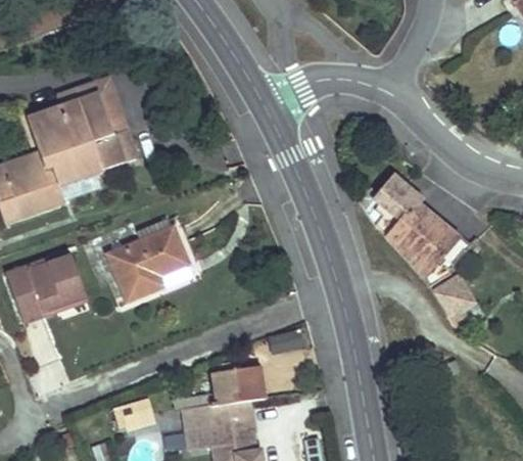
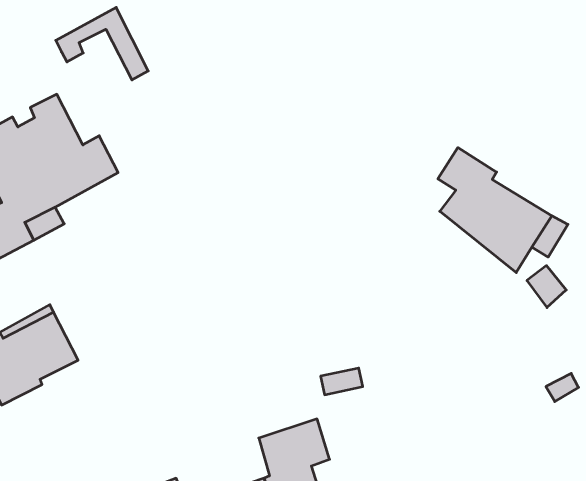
building: [59,78,126,134] -> [56,7,148,80]
building: [110,228,188,298] -> none

